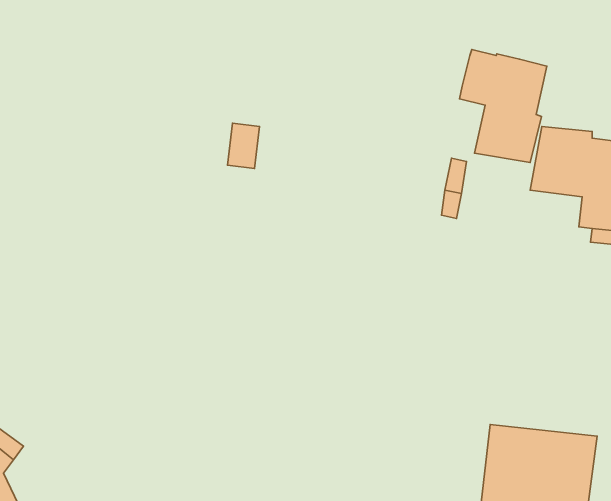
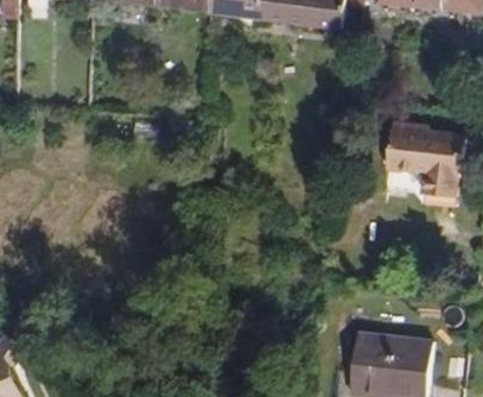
building: [459,50,547,163] -> none

